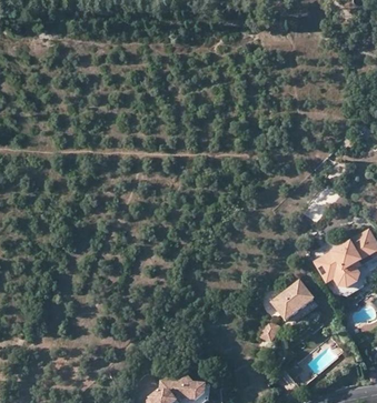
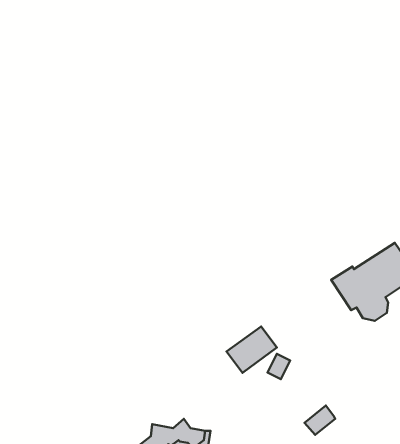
building: [272,282,315,321] -> [227,326,277,373]

